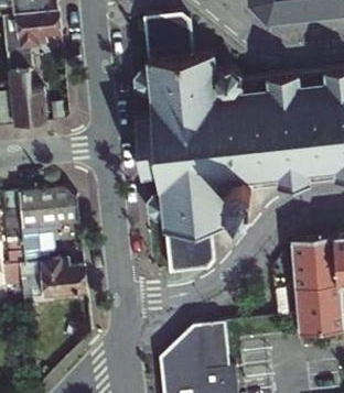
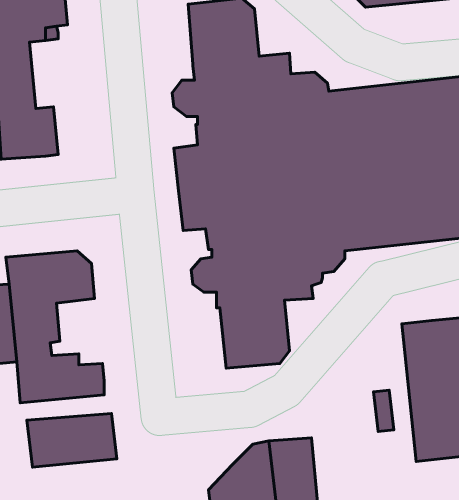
building: none -> [27,413,117,467]

